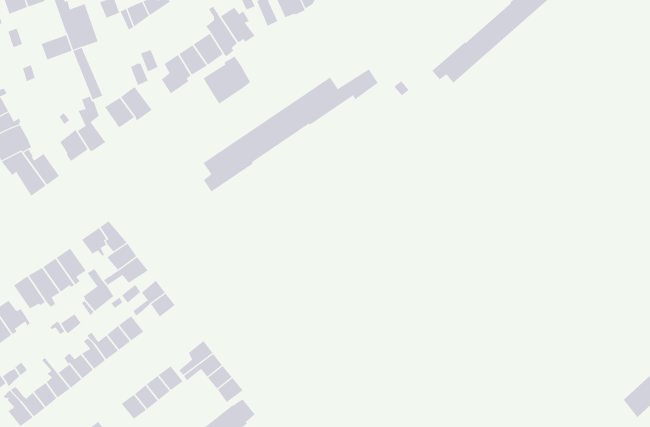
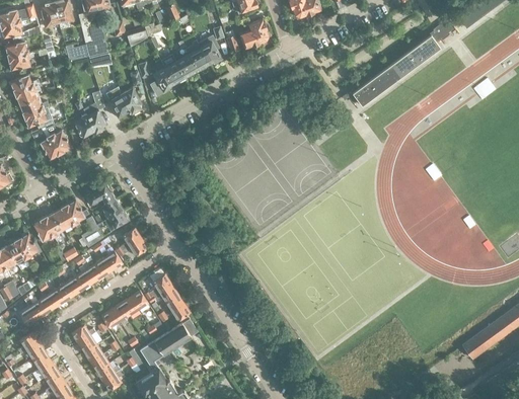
building: [203,56,251,105] -> none
building: [202,69,378,194] -> none

